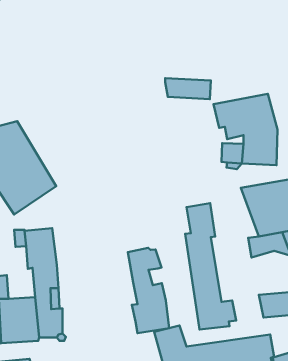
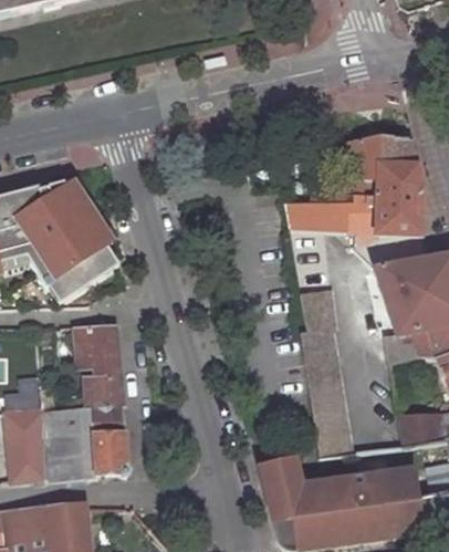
building: [165,78,211,99] -> [286,202,348,231]
building: [128,248,169,333] -> none

